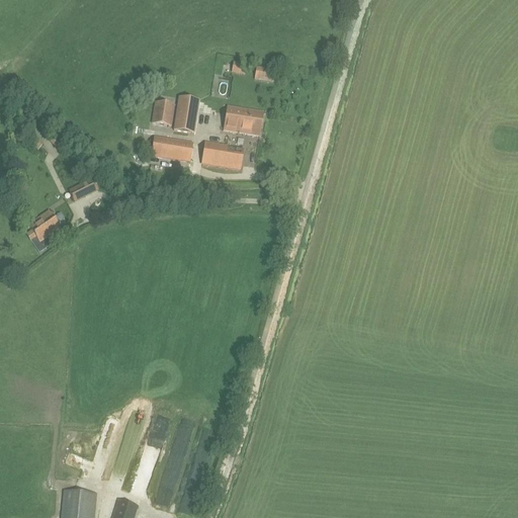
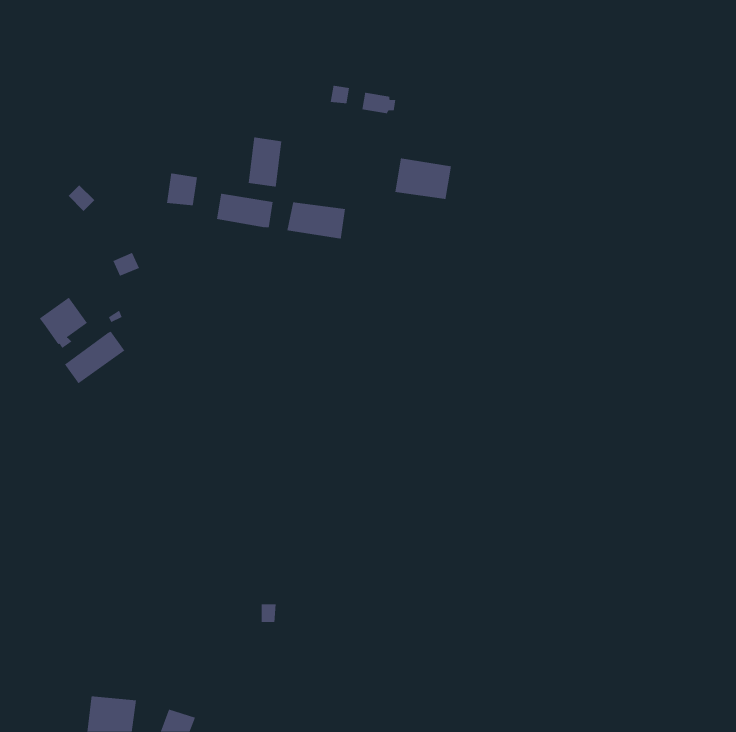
building: [152,101,174,124] -> [166,173,198,206]
building: [223,104,263,134] -> [394,158,452,199]
building: none -> [64,331,125,384]

